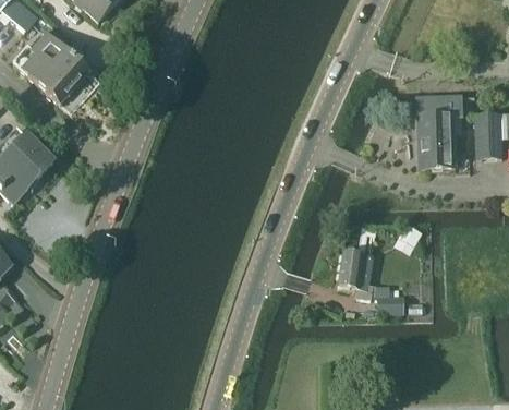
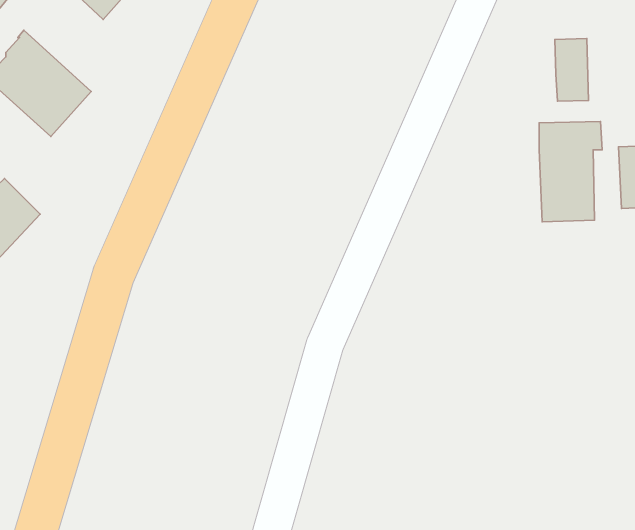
building: none -> [555,38,588,101]
building: [338,249,403,312] -> none

